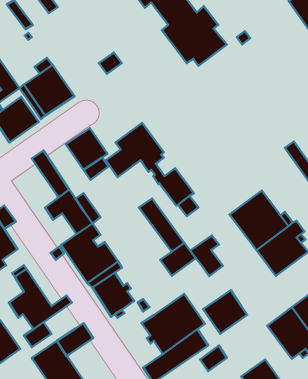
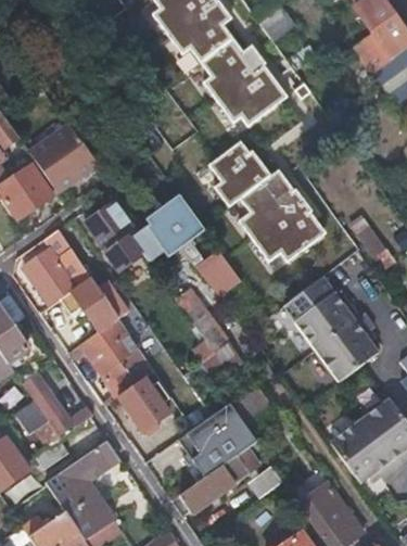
building: none -> [208,142,323,263]
building: none -> [25,247,75,301]
building: [190,235,223,276] -> none
building: [203,290,247,334] -> none

